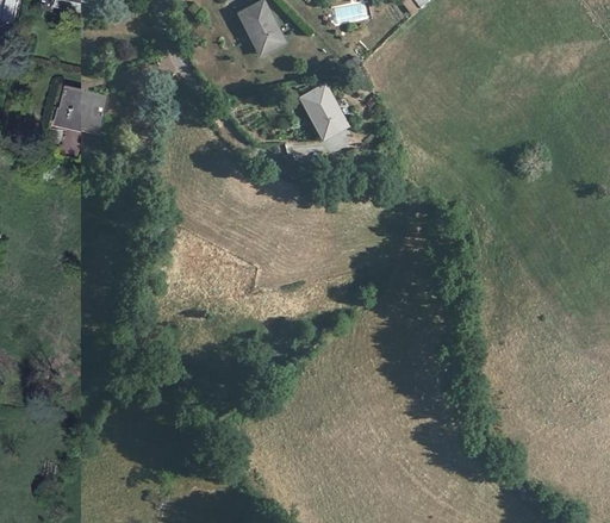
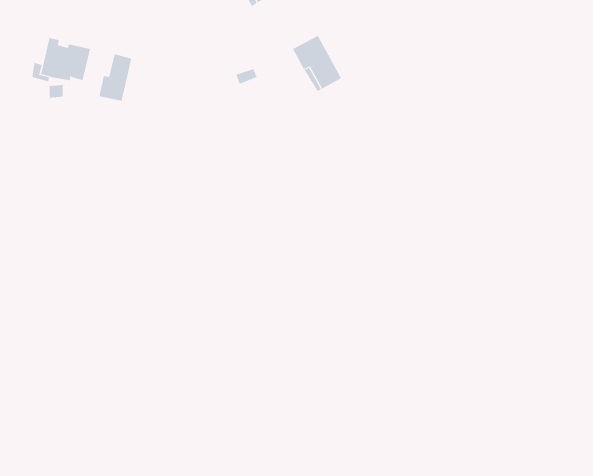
building: none -> [99,54,132,102]

